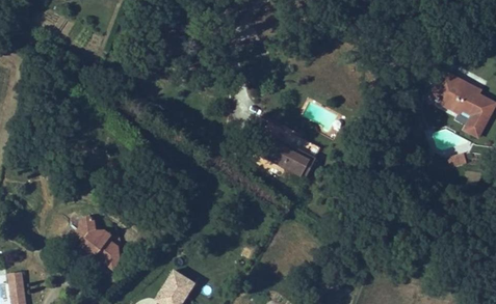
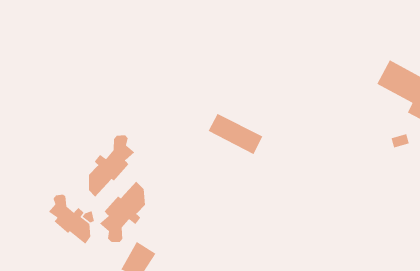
building: none -> [88,134,135,197]
building: none -> [99,181,146,243]

